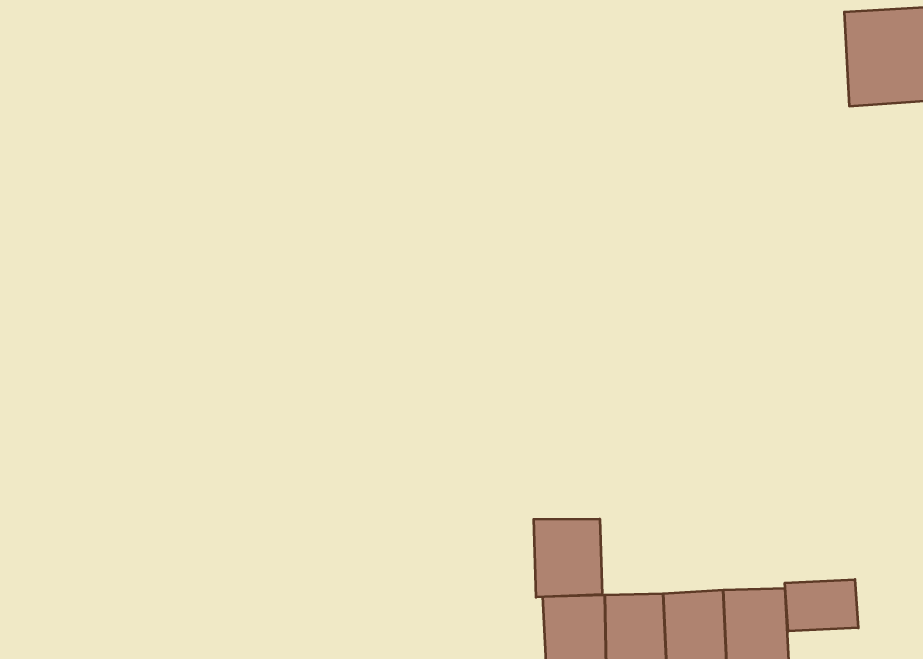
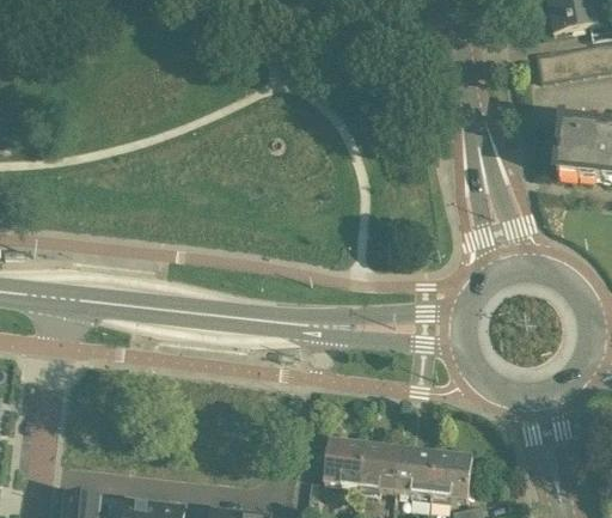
building: [534,519,602,597] -> none
building: [785,579,858,631] -> none

